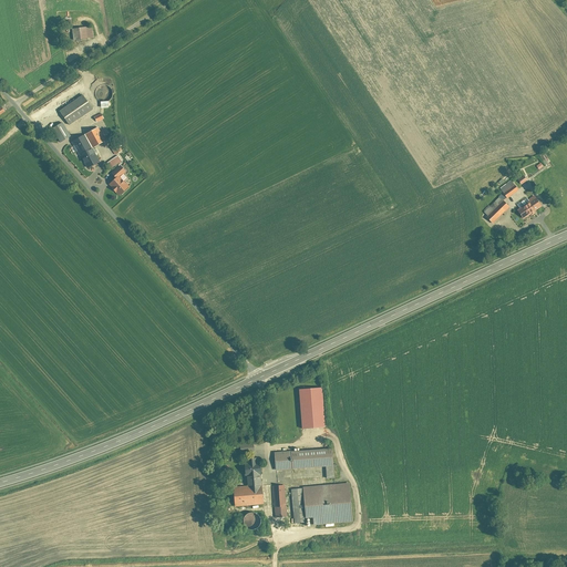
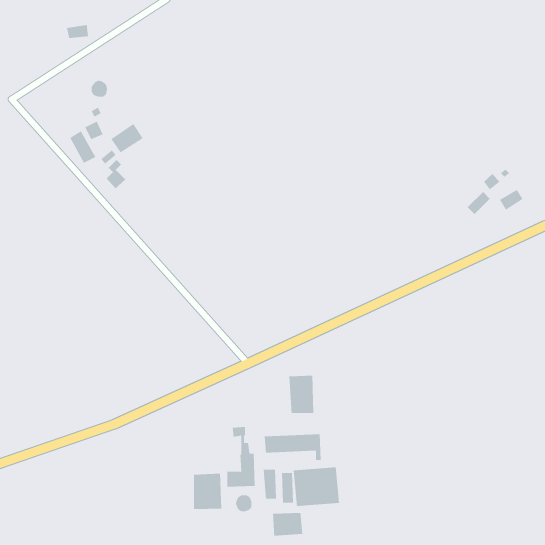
building: [59,93,93,124] -> [110,123,144,153]
building: none -> [193,473,222,510]
building: none -> [273,512,303,537]

